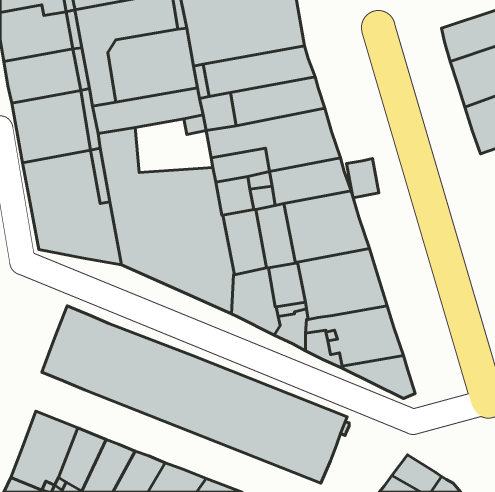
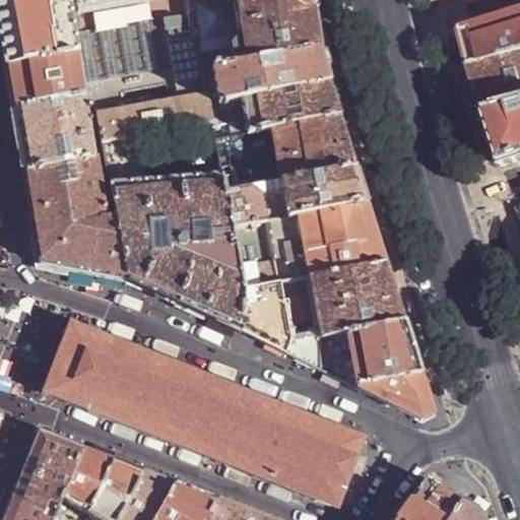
building: [347,158,379,198] -> none

